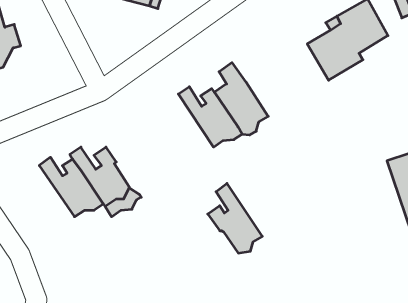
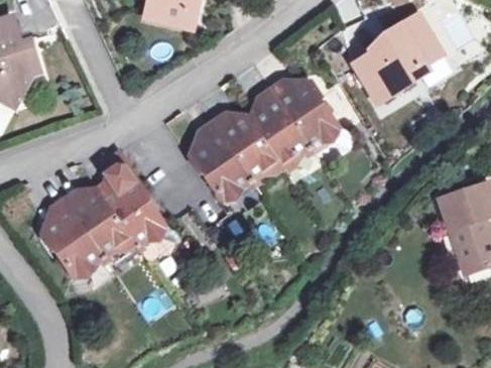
building: none -> [270,77,337,144]
building: none -> [37,198,99,272]
building: [208,183,262,253] -> [191,120,250,196]

